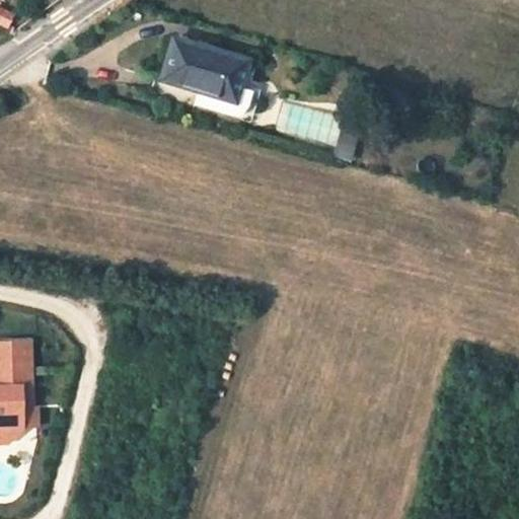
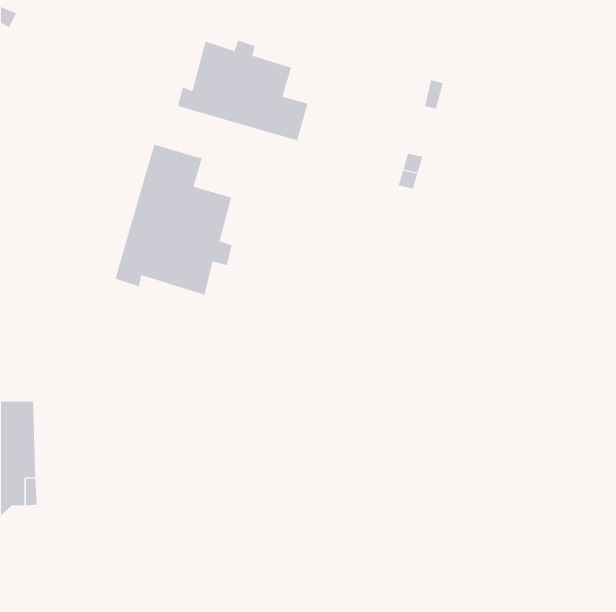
building: none -> [115,144,232,295]

